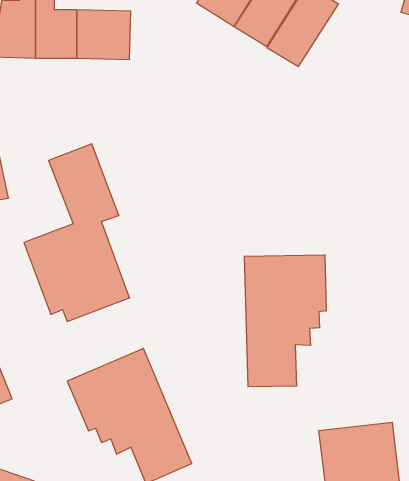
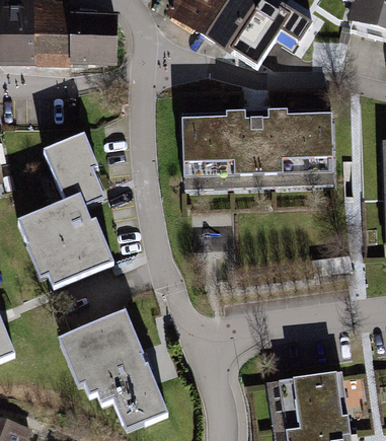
building: none -> [179,111,331,189]
building: [244,255,326,387] -> none

